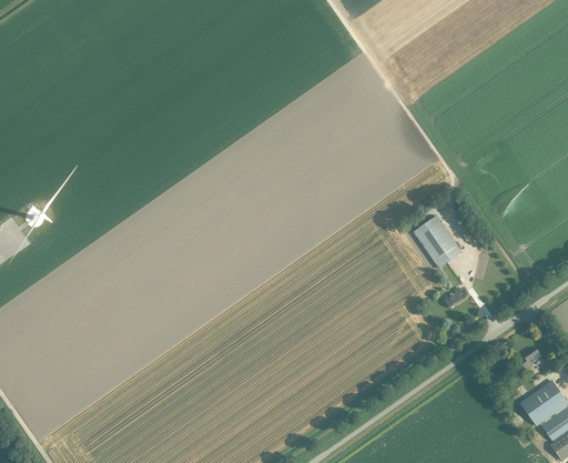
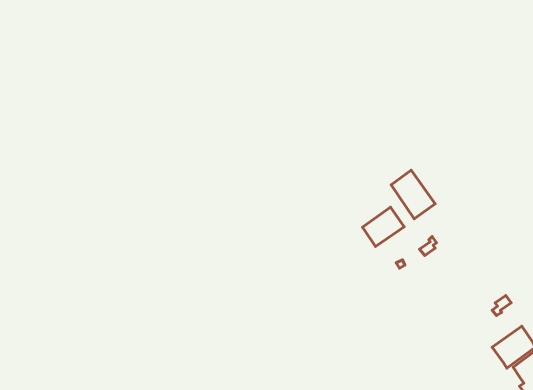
building: none -> [362,207,404,247]

